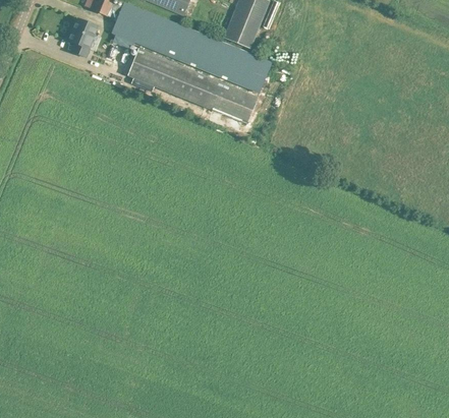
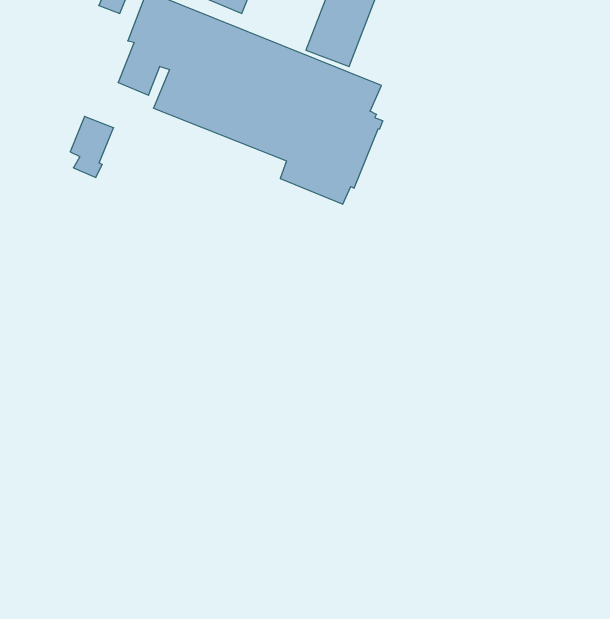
building: [68,19,96,58] -> [70,116,114,177]

